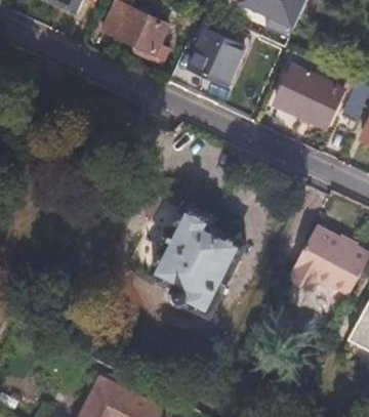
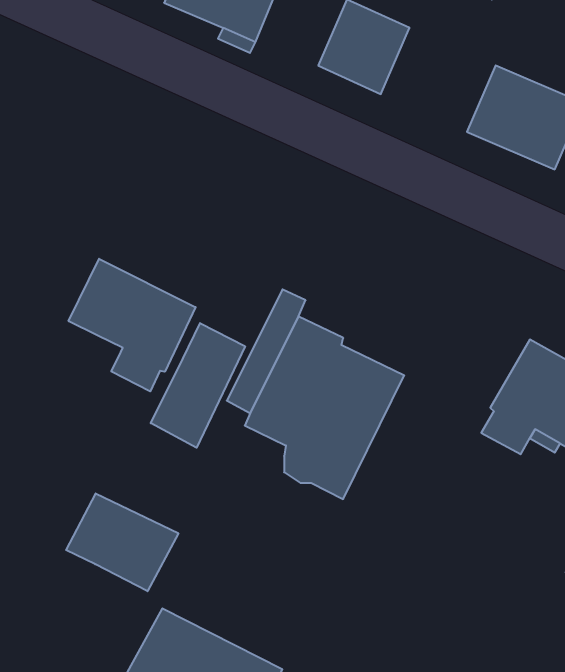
building: none -> [69,259,196,391]
building: none -> [151,323,245,448]
building: none -> [66,493,178,591]

